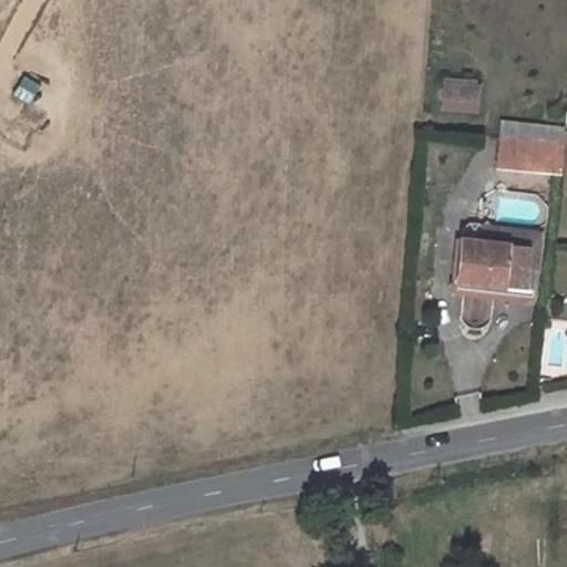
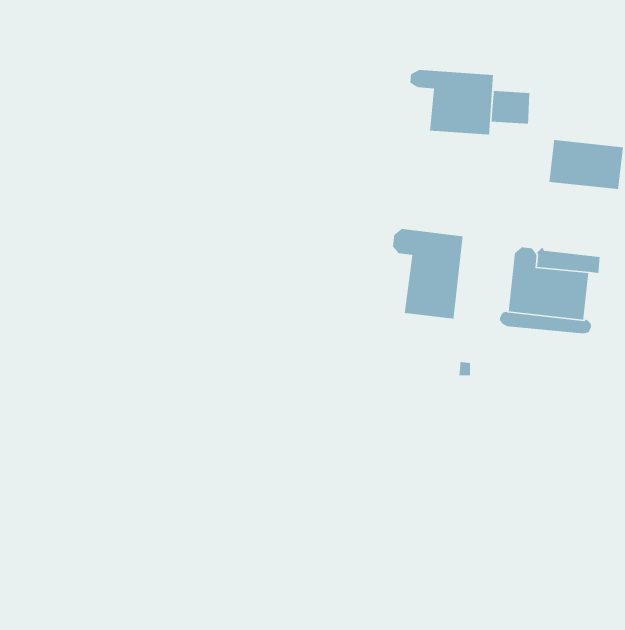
building: none -> [410,69,494,136]
building: none -> [392,228,464,320]

